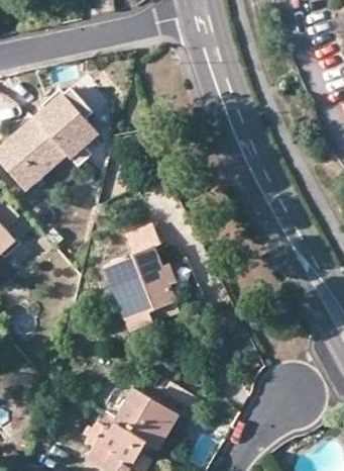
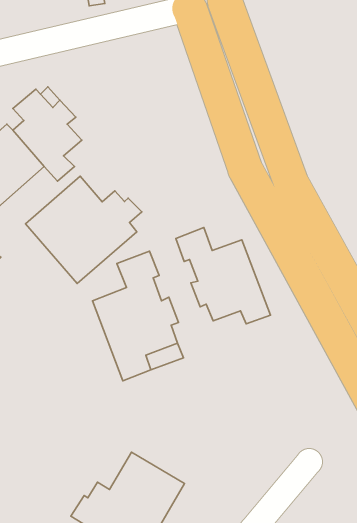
building: none -> [25,176,142,284]
building: none -> [176,228,270,324]

